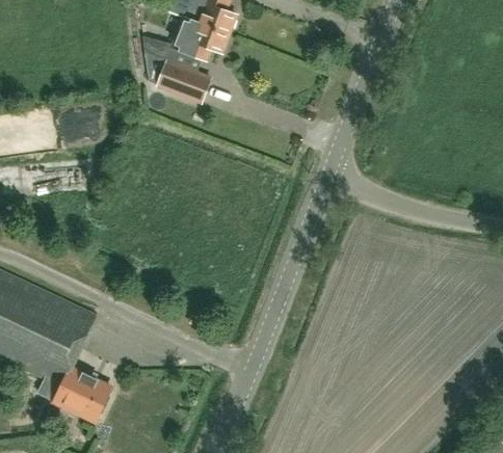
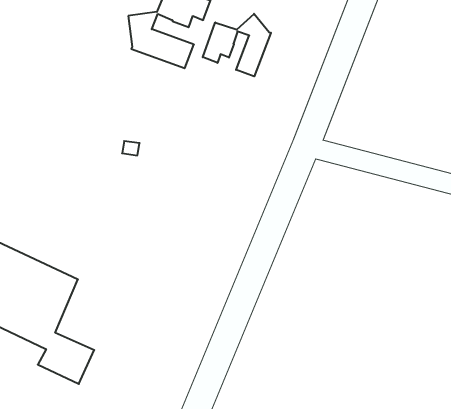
building: none -> [203,14,271,76]

